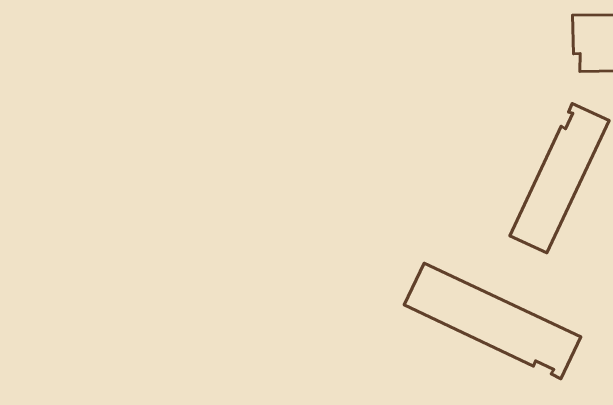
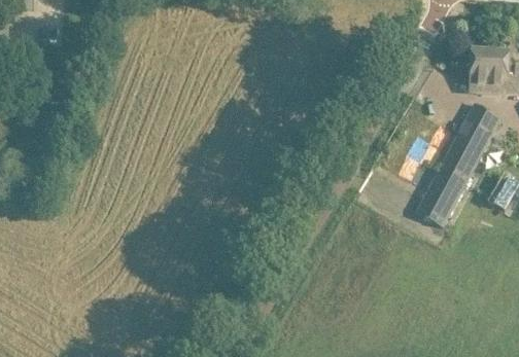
building: [404,263,581,379] -> none

